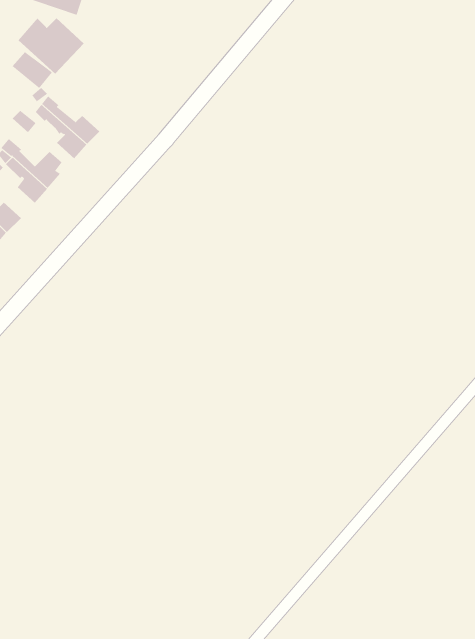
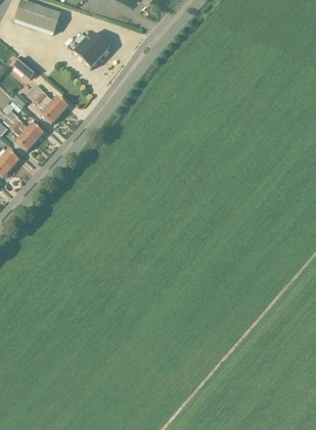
building: [17,17,84,75] -> [66,32,108,67]

